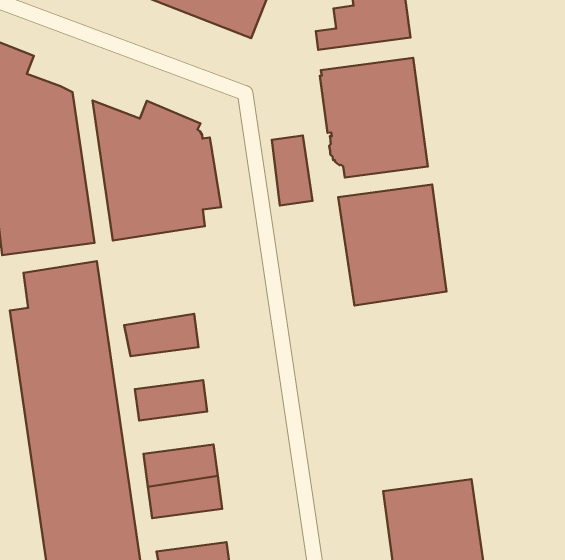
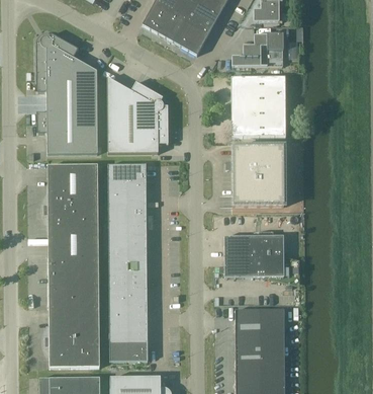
building: [272,135,312,206] -> none
building: none -> [108,163,147,200]
building: none -> [224,235,286,281]
building: none -> [109,217,147,235]
building: none -> [109,252,148,270]
building: none -> [109,306,148,324]

